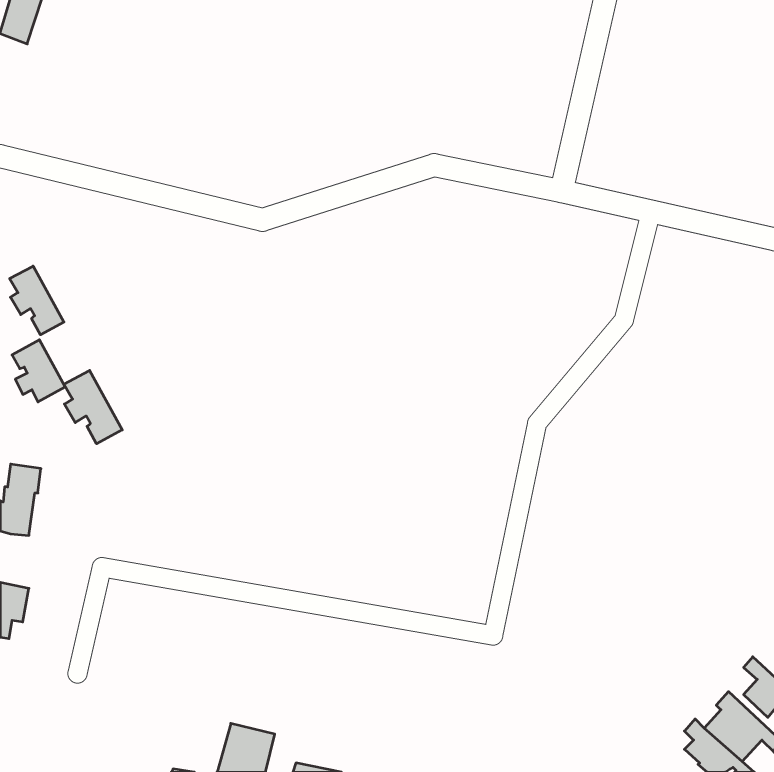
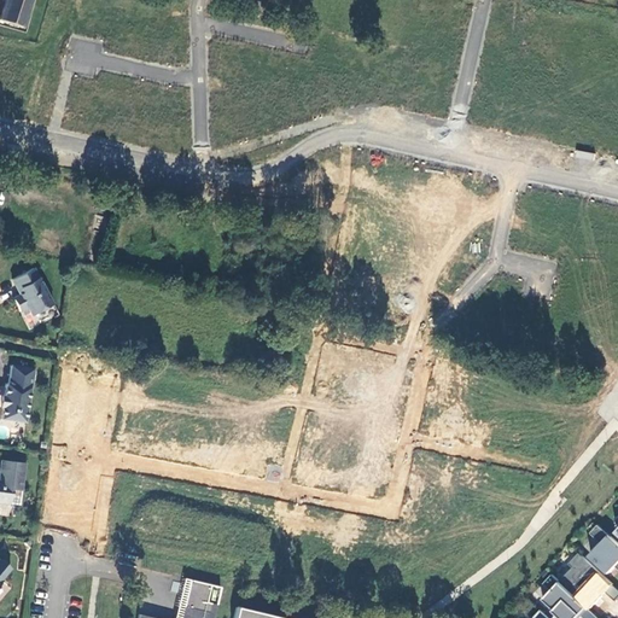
building: [10,266,64,335] -> none
building: [64,370,122,444] -> none

